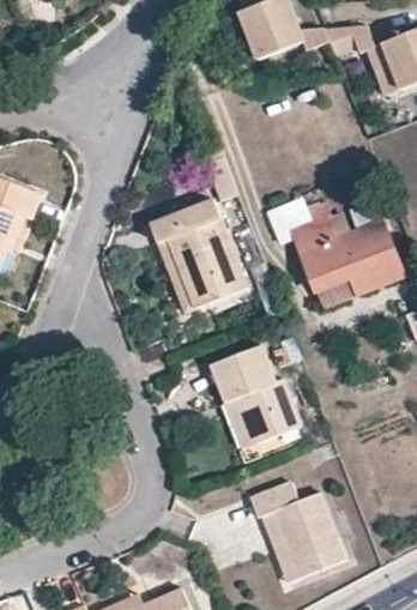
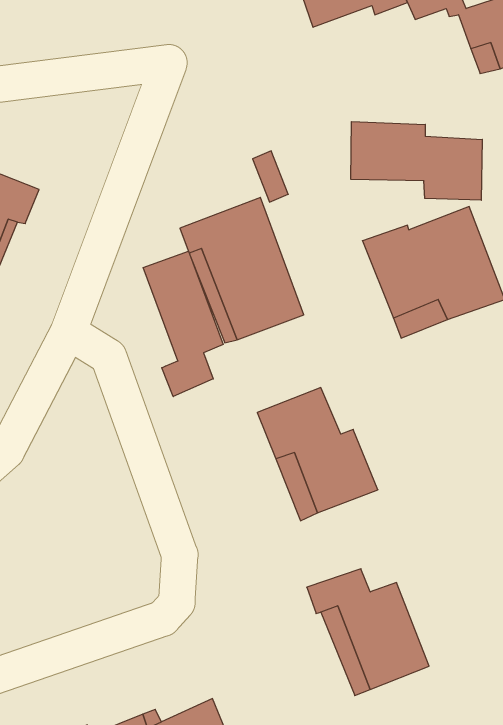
building: none -> [351,122,482,200]
building: none -> [143,251,223,397]

